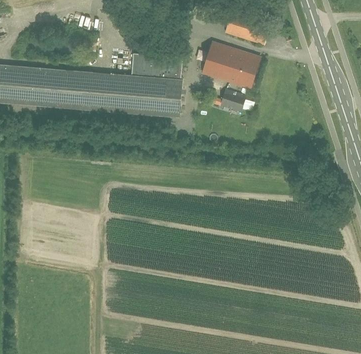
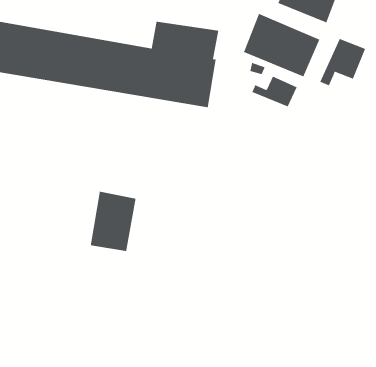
building: none -> [319,38,366,86]
building: none -> [90,191,136,252]

